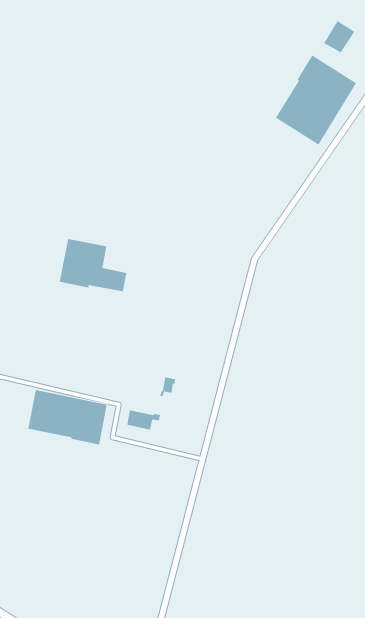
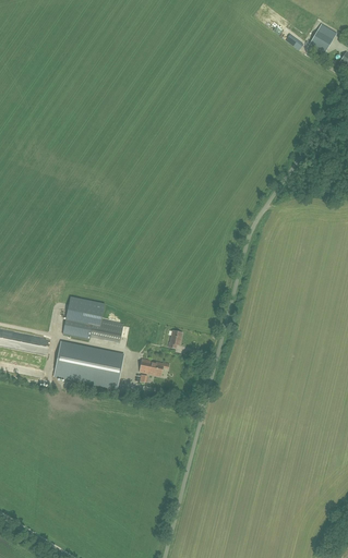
building: [275,55,357,145] -> none
building: [59,239,127,292] -> [63,295,122,341]

